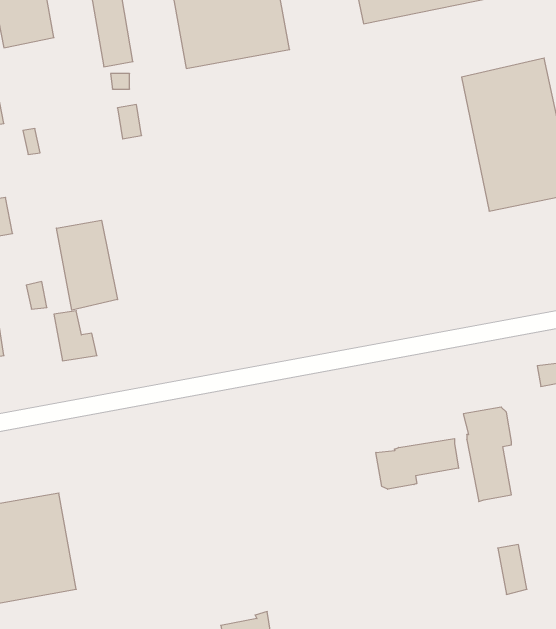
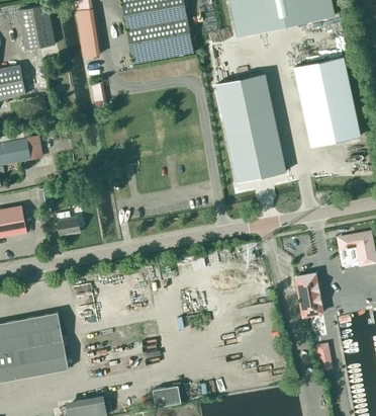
building: none -> [216,74,287,182]
building: [56,220,118,310] -> none
building: [376,439,459,489] -> none

